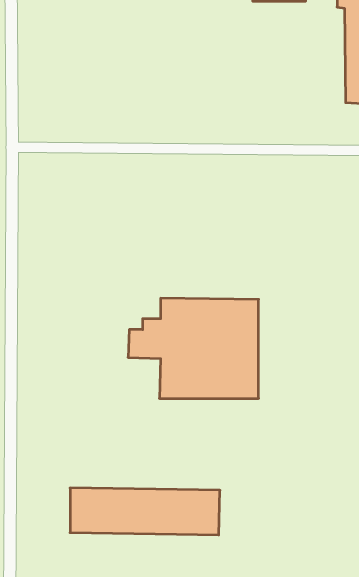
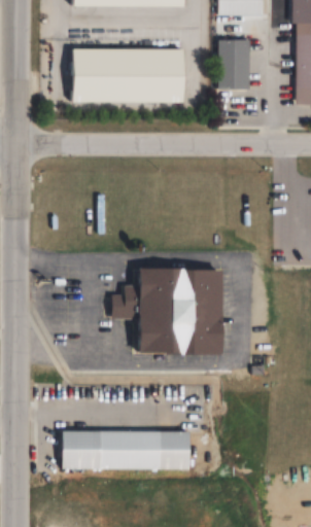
building: none -> [218,39,248,89]
building: none -> [70,48,184,103]

